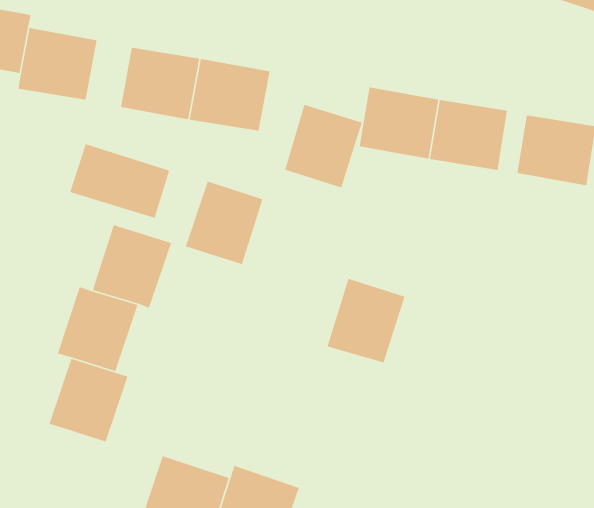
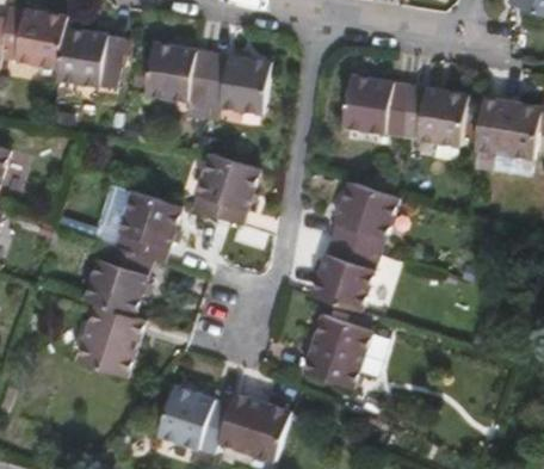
building: [284,104,363,188] -> [330,181,397,253]
building: [69,143,170,219] -> none
building: none -> [303,314,371,388]

